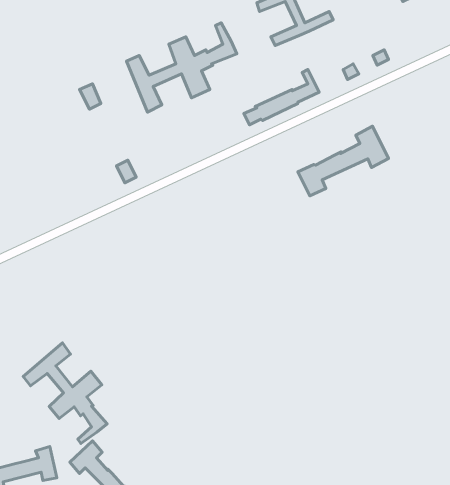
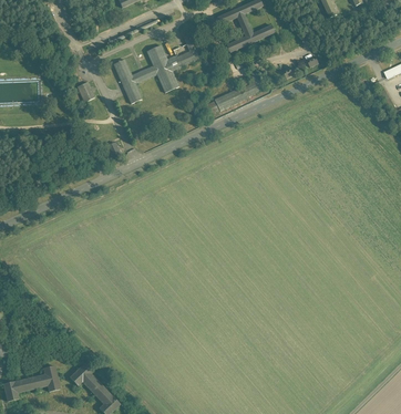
building: [298,126,388,196] -> none
building: [23,343,107,443] -> none

